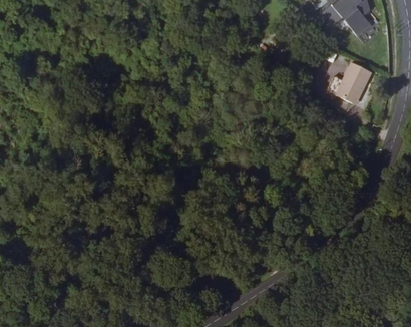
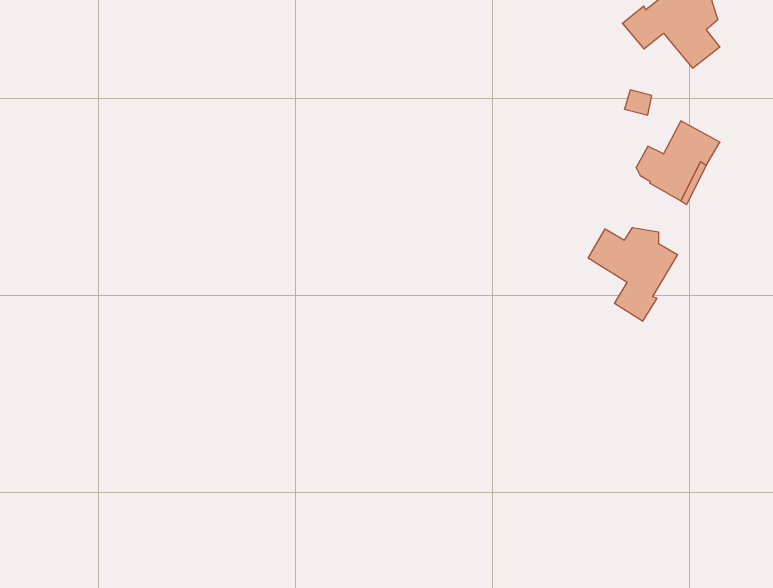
building: none -> [588,227,678,321]

